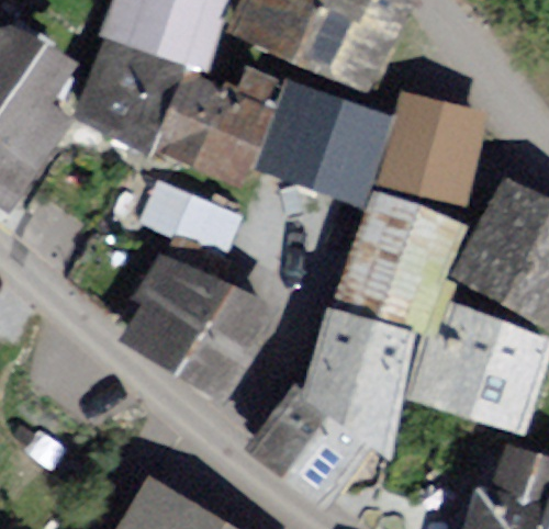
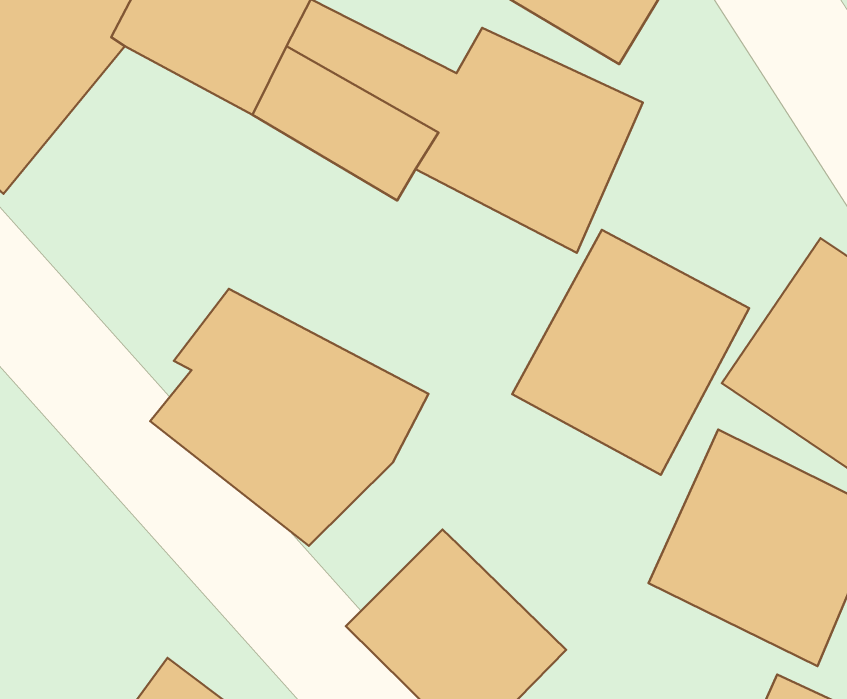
building: [378,95,489,203] -> none
building: [128,183,229,260] -> none
building: [307,309,418,443] -> none

